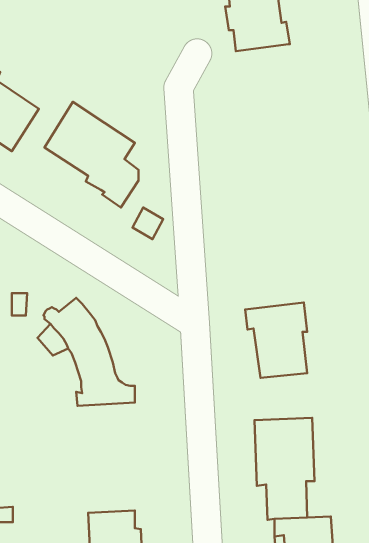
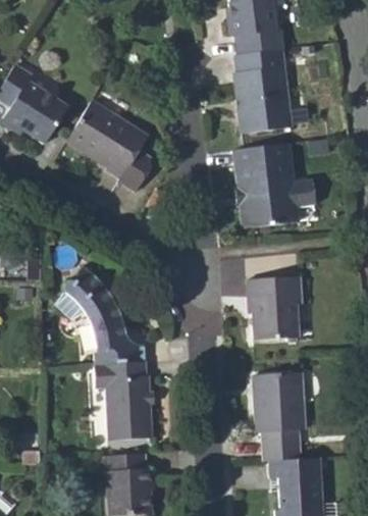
building: none -> [234,49,290,135]
building: none -> [233,143,316,229]
building: none -> [98,360,157,438]

